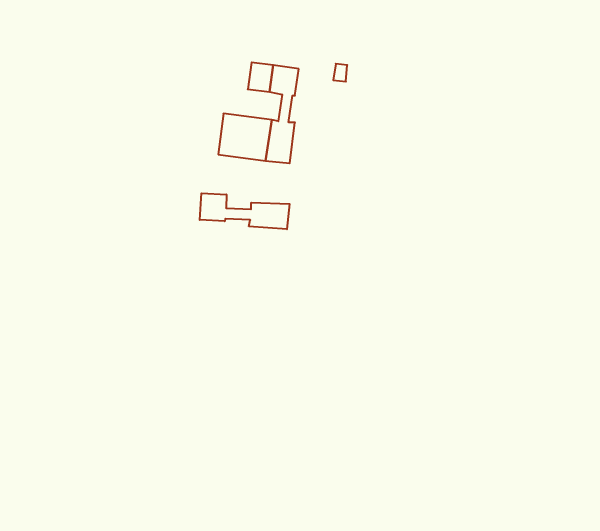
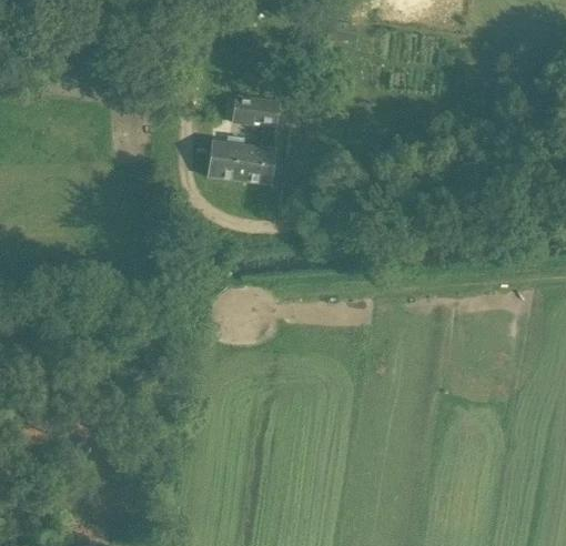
building: [200,193,290,229] -> none

